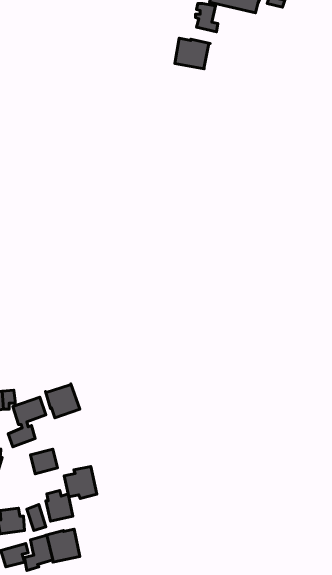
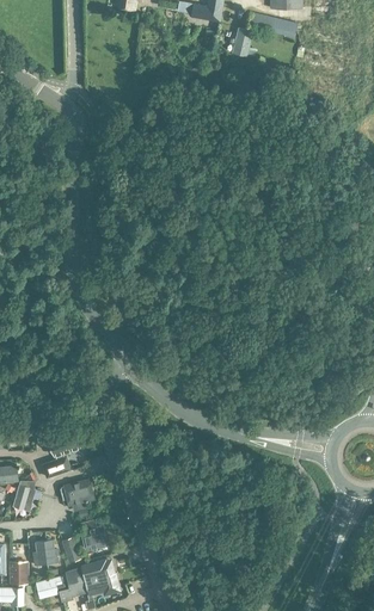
building: [175,38,210,69] -> none
building: [46,384,80,418] -> none
building: [64,466,97,499] -> none

